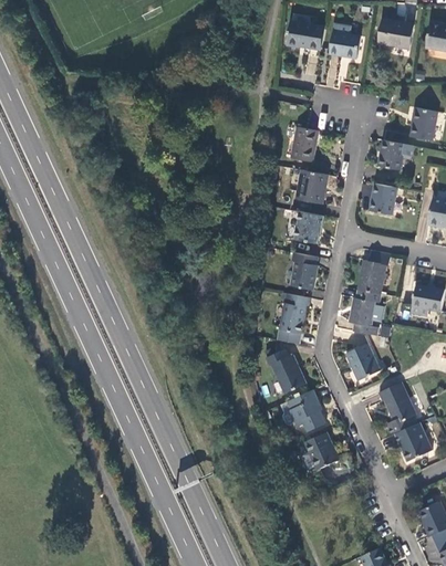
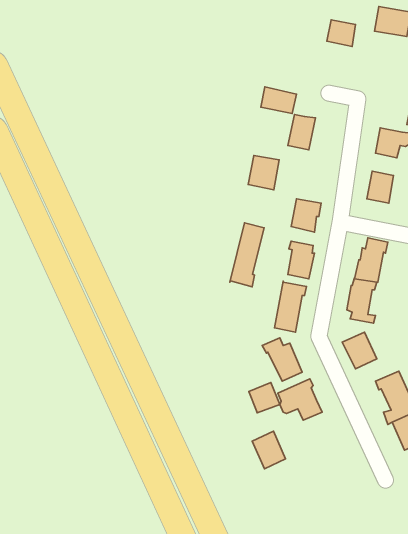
building: [286,21,323,50] -> none
building: none -> [261,87,296,114]
building: [295,169,326,203] -> [248,155,279,190]
building: none -> [230,223,264,287]
building: none -> [249,383,280,413]
building: [304,431,338,469] -> [252,431,286,469]

